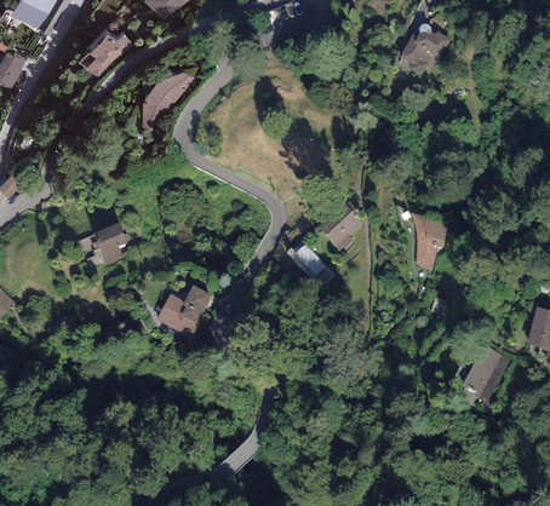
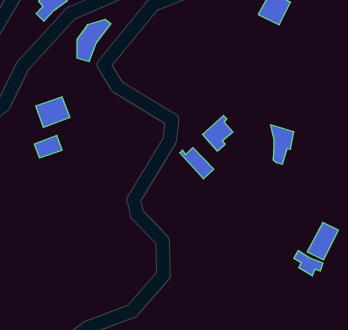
building: none -> [36,97,70,128]
building: [159,289,210,335] -> none
building: none -> [294,251,323,276]

